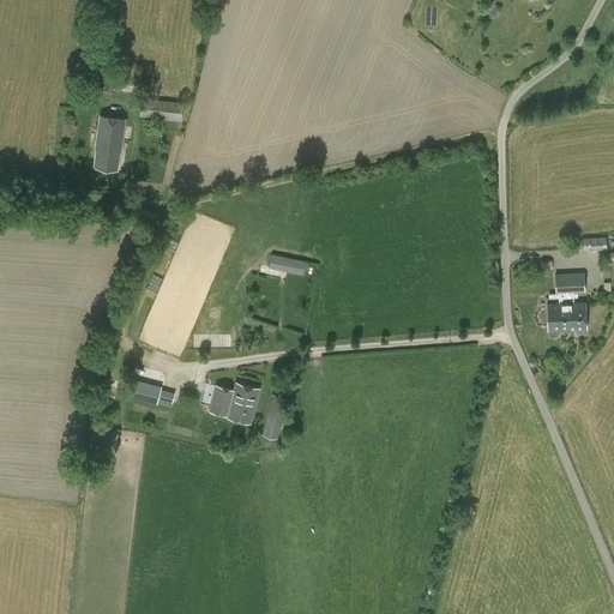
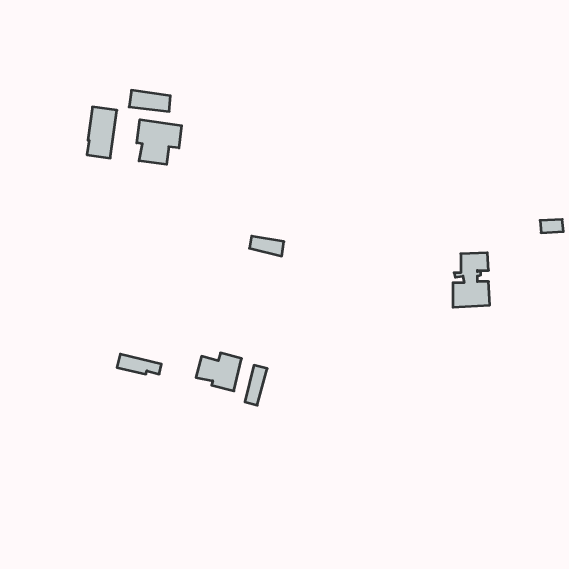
building: none -> [137,120,182,164]
building: [547,272,586,331] -> [453,253,490,307]

